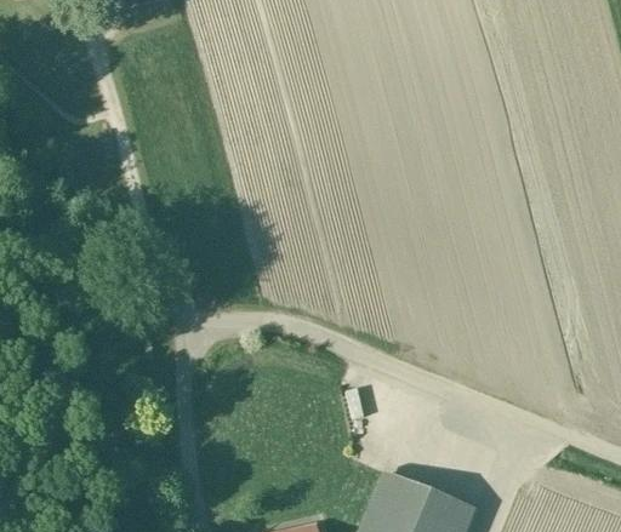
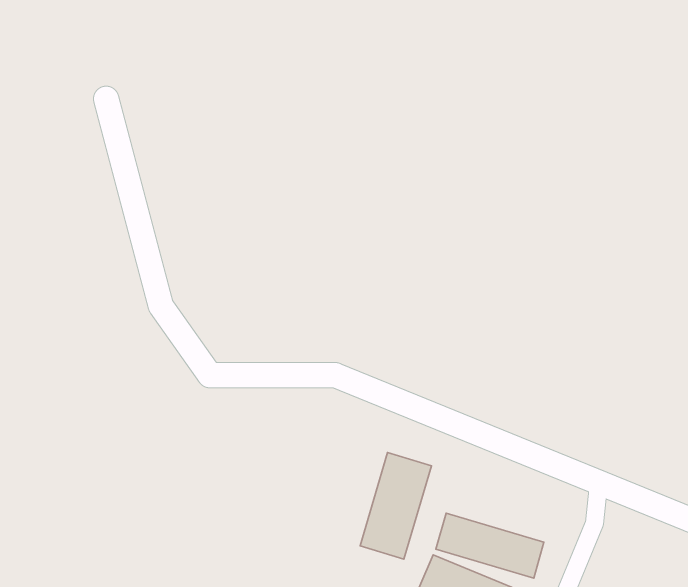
building: none -> [360,452,431,559]

